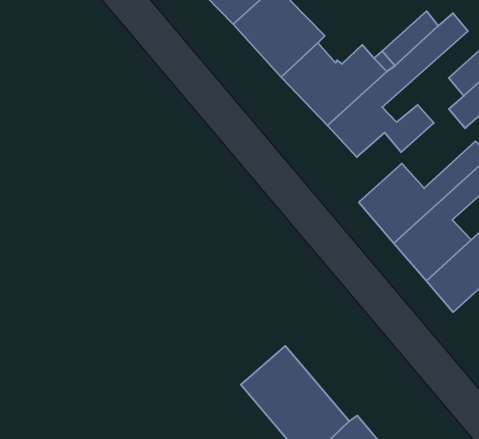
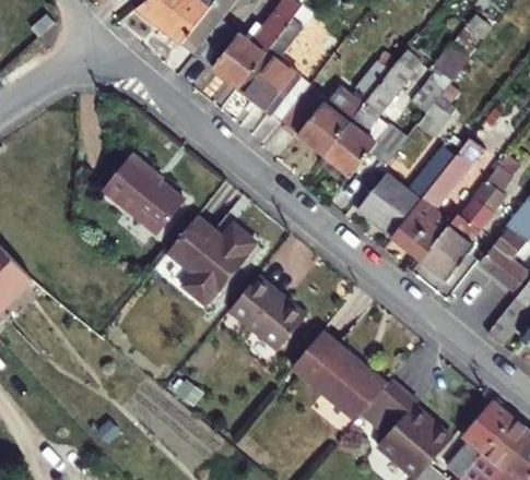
building: none -> [102,154,182,235]
building: none -> [153,215,256,308]
building: none -> [229,276,307,348]

